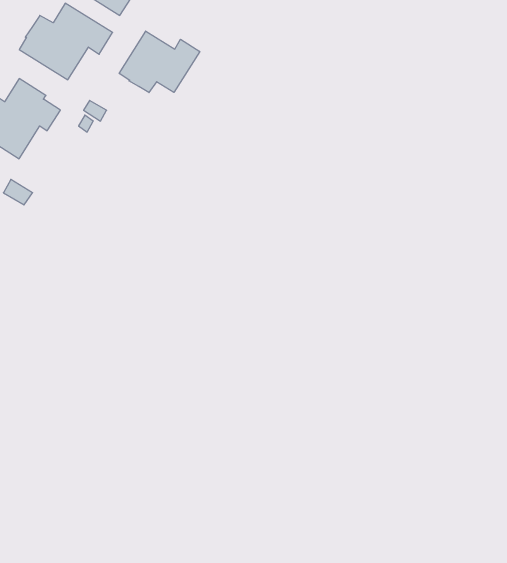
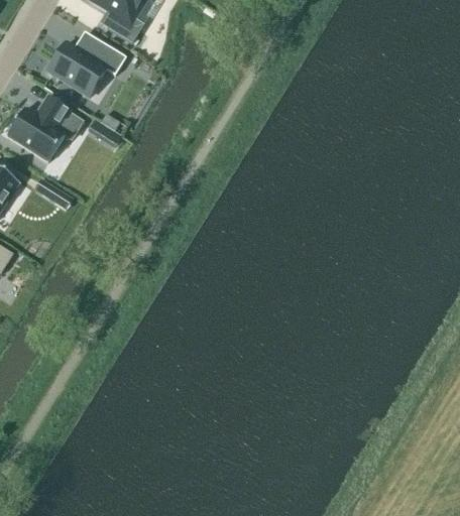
building: [119,31,200,93] -> none

